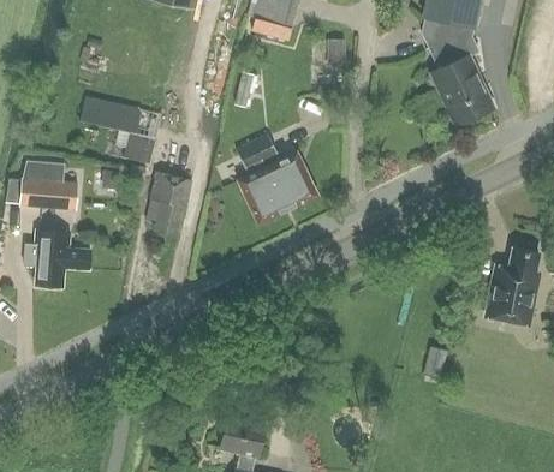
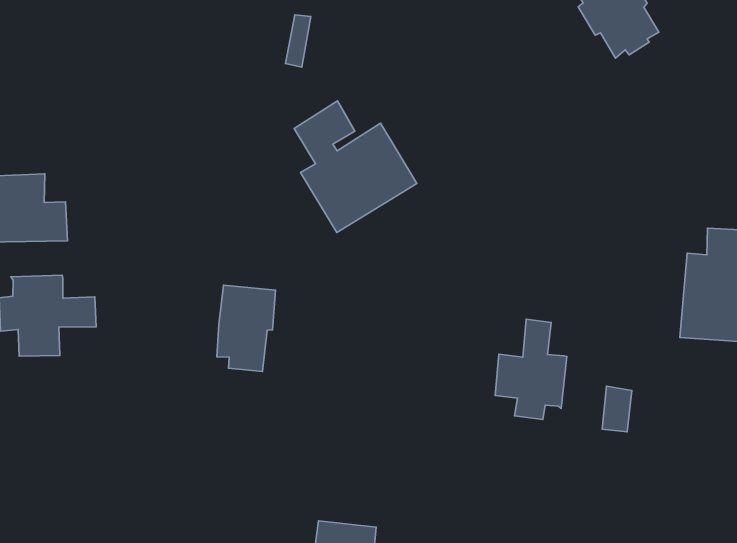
building: [81,95,161,163] -> none
building: [147,172,191,233] -> [217,285,276,372]
building: none -> [495,319,567,419]

